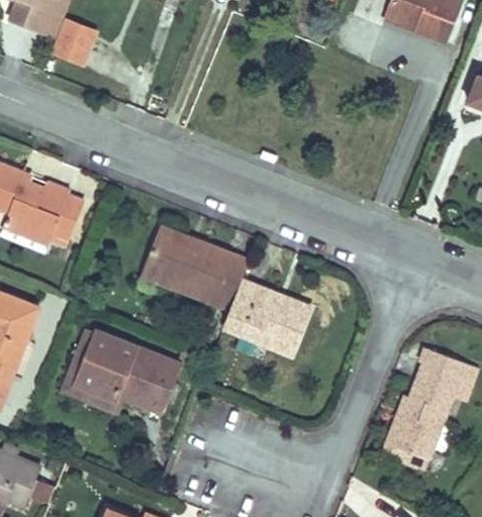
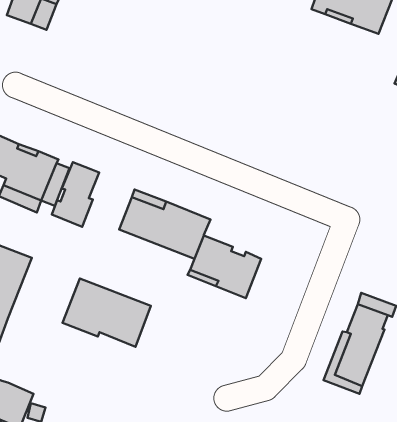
building: [51,13,99,65] -> none
building: none -> [52,162,99,227]
building: [61,328,124,414] -> none

